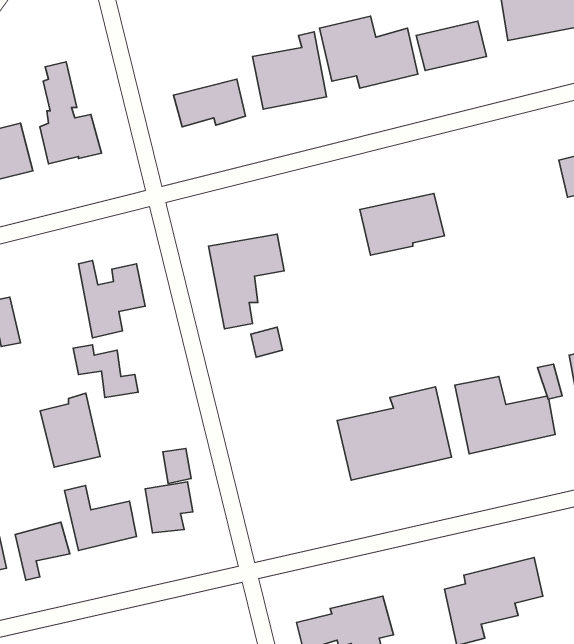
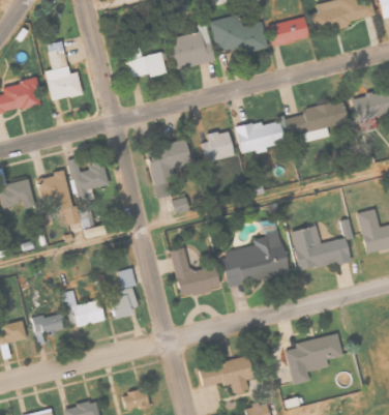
building: none -> [286,100,348,142]
building: none -> [202,130,233,160]
building: [40,393,100,467] -> [37,169,72,212]
building: none -> [170,246,219,297]

